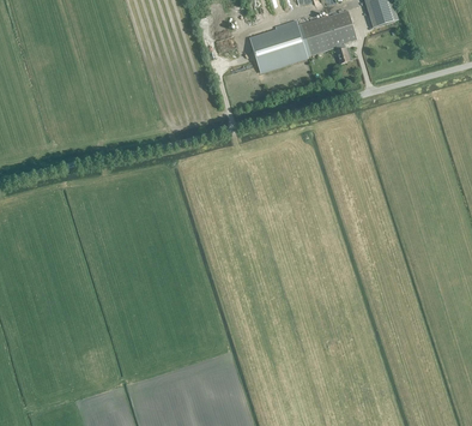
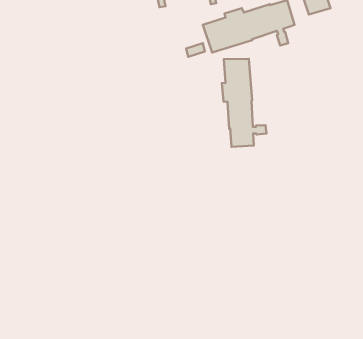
building: none -> [222,59,266,147]

